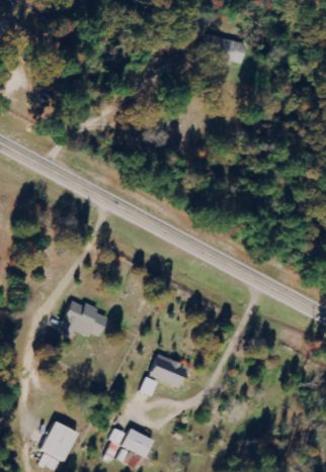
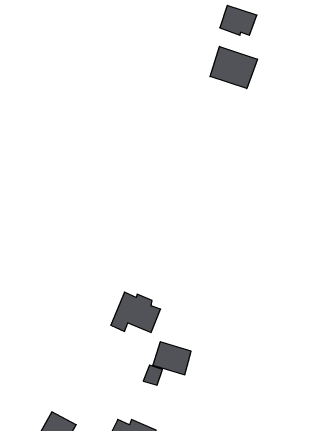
building: none -> [210,46,257,89]
building: [60,300,107,339] -> [111,292,161,333]

